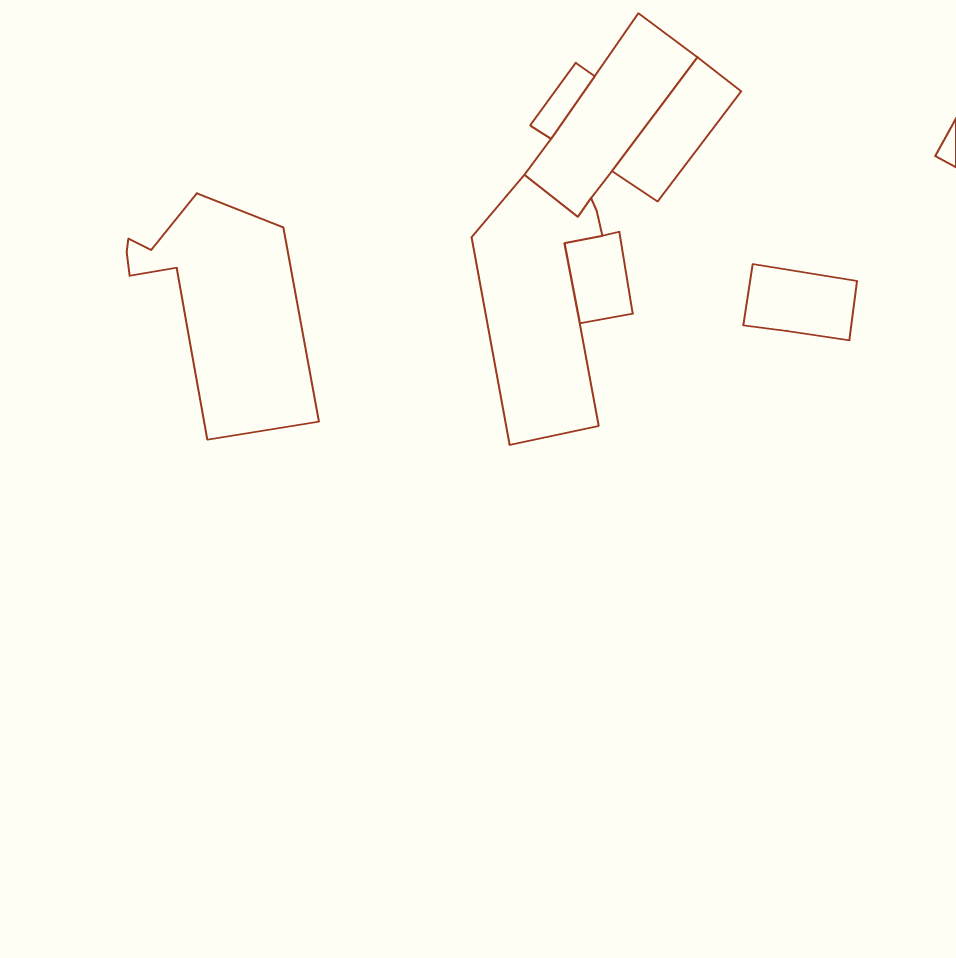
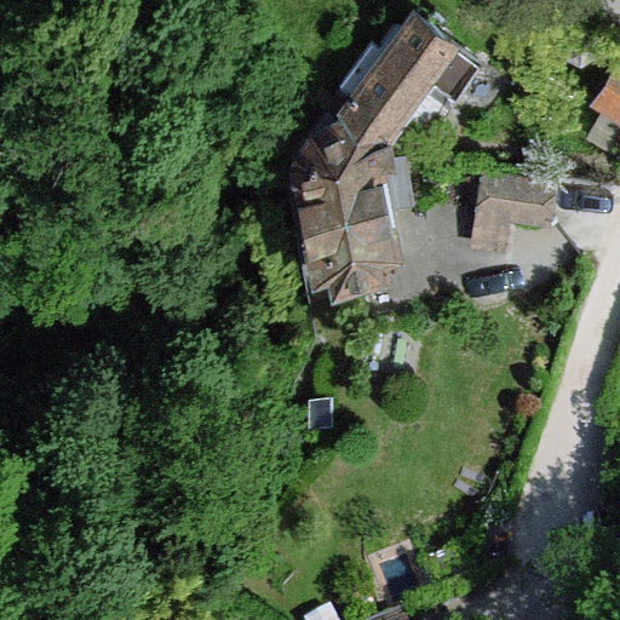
building: [127,193,319,440] -> none

